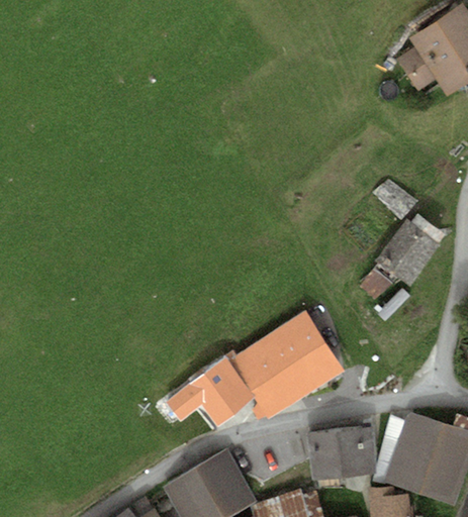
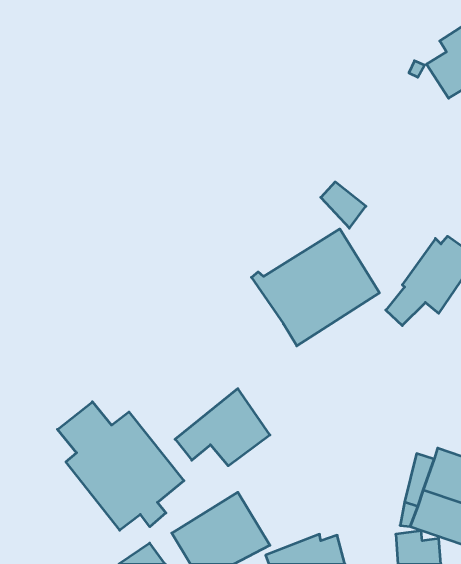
building: [374,179,415,221] -> [321,182,366,228]
building: [225,311,343,418] -> [251,229,379,346]
building: none -> [57,402,184,530]
building: [306,426,373,480] -> none

